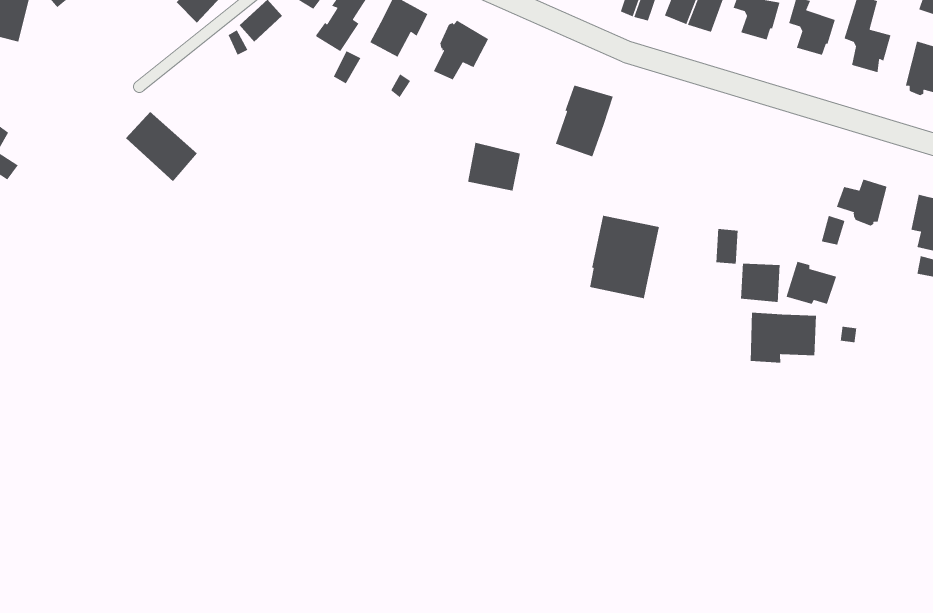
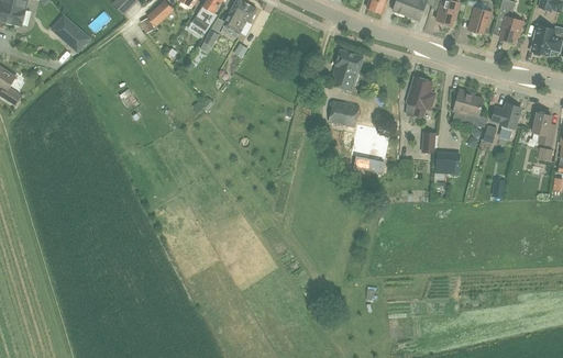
building: [433,20,489,80] -> none
building: [125,111,198,182] -> [49,13,91,54]
building: none -> [406,77,434,118]
building: [467,142,521,192] -> [328,99,358,127]
building: [785,261,837,305] -> [453,90,483,115]
building: [750,312,817,364] -> none

